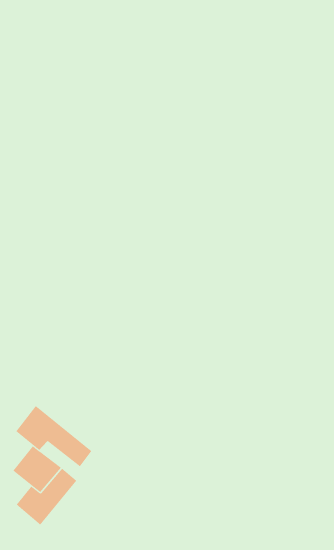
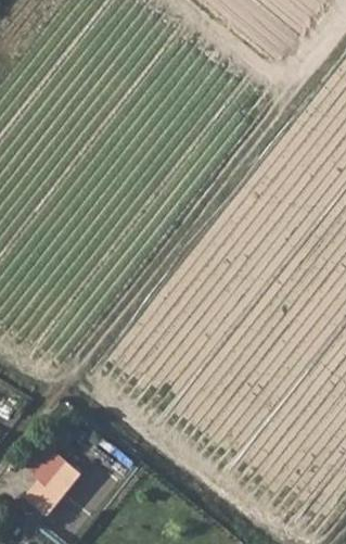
building: [16,405,92,467] -> none

